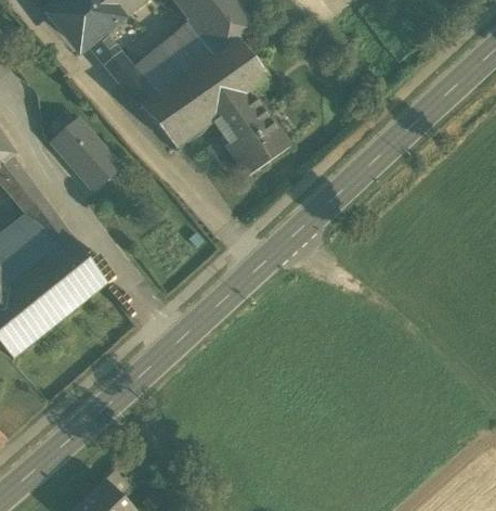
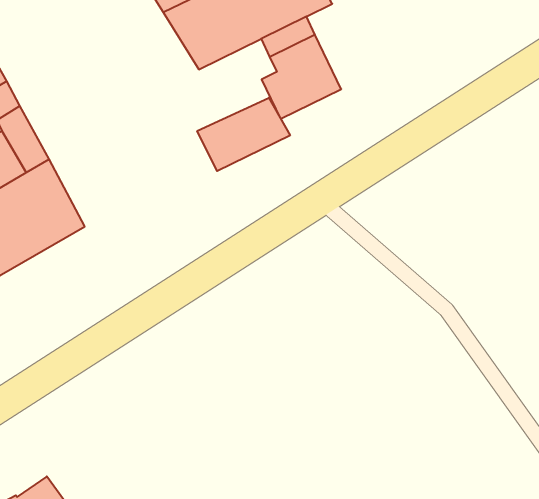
building: [51,116,118,187] -> none
building: none -> [197,98,290,171]

